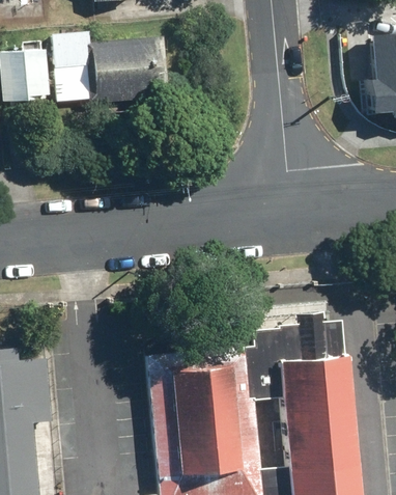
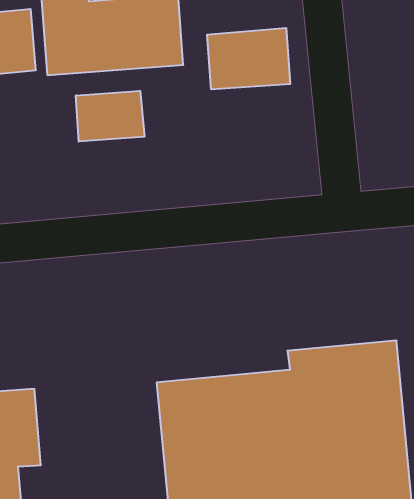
building: none -> [207,28,290,89]
building: none -> [76,91,144,142]

